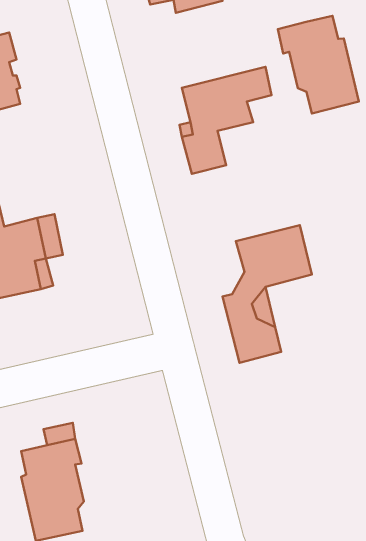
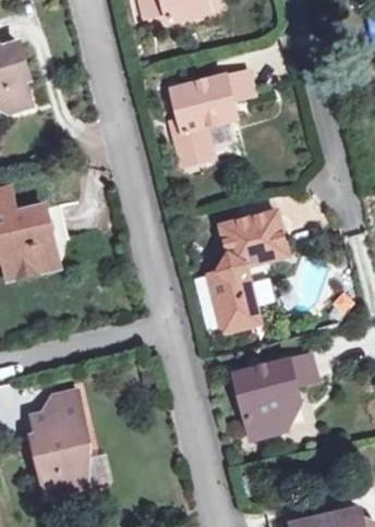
building: [278,16,359,114] -> none
building: none -> [233,355,315,440]

